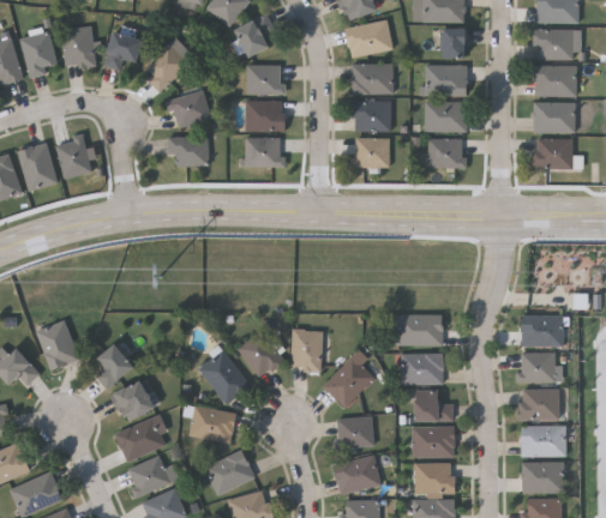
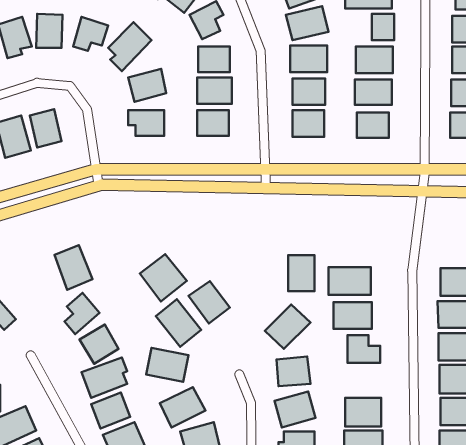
building: none -> [140,254,187,301]
building: [37,320,80,371] -> [54,245,92,290]
building: [292,330,322,371] -> [288,255,315,291]
building: [412,426,454,457] -> none

